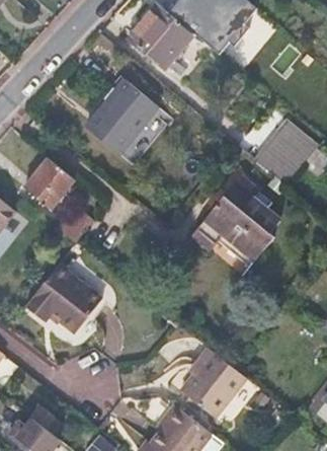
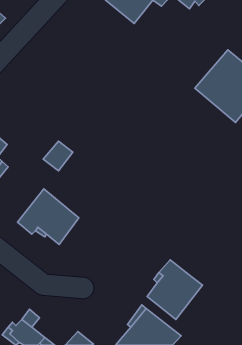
building: [89,78,161,152] -> none
building: [23,159,73,210] -> none
building: [191,176,277,258] -> none

